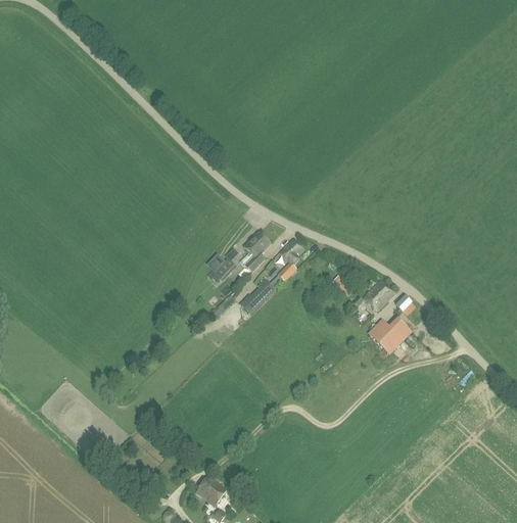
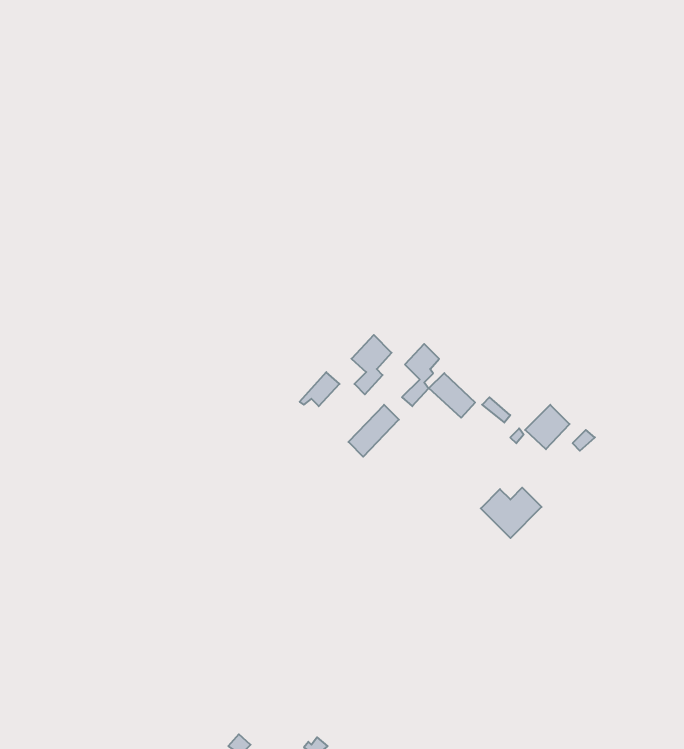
building: none -> [429,373,475,418]
building: [369,318,411,352] -> [481,488,542,538]
building: [196,475,227,506] -> none

